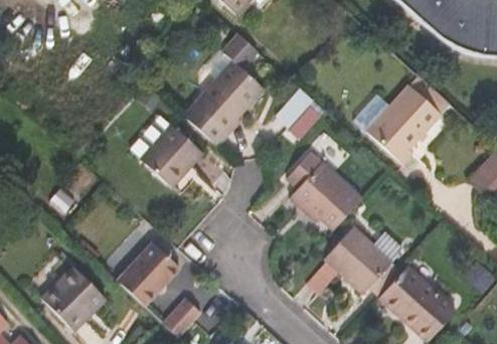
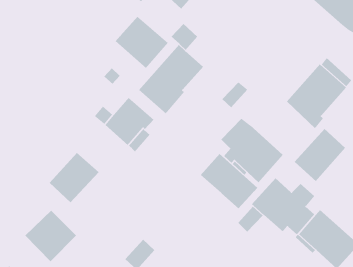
building: none -> [115,16,169,69]
building: none -> [294,128,346,182]
building: none -> [200,153,258,209]
building: [120,246,183,310] -> [49,152,100,203]

